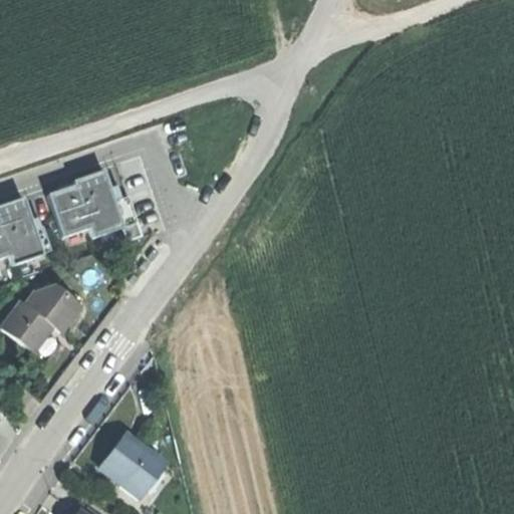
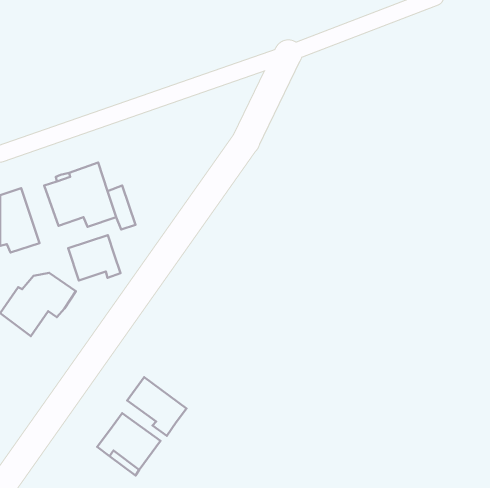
building: none -> [68,235,121,281]
building: none -> [127,377,186,436]

